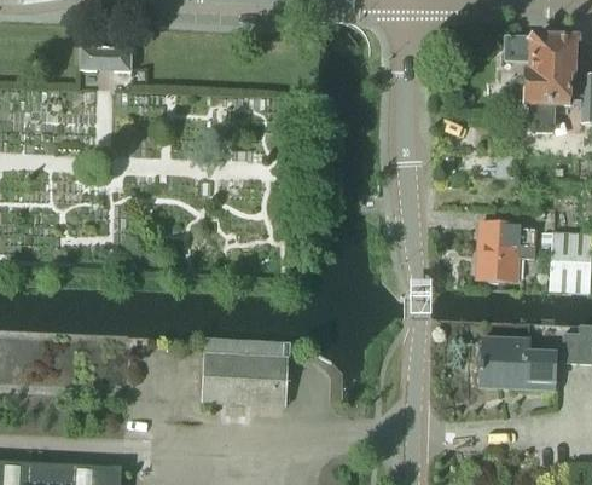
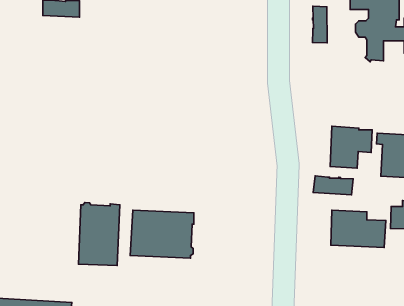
building: none -> [312,6,327,43]
building: none -> [313,176,353,195]
building: none -> [78,202,120,265]

